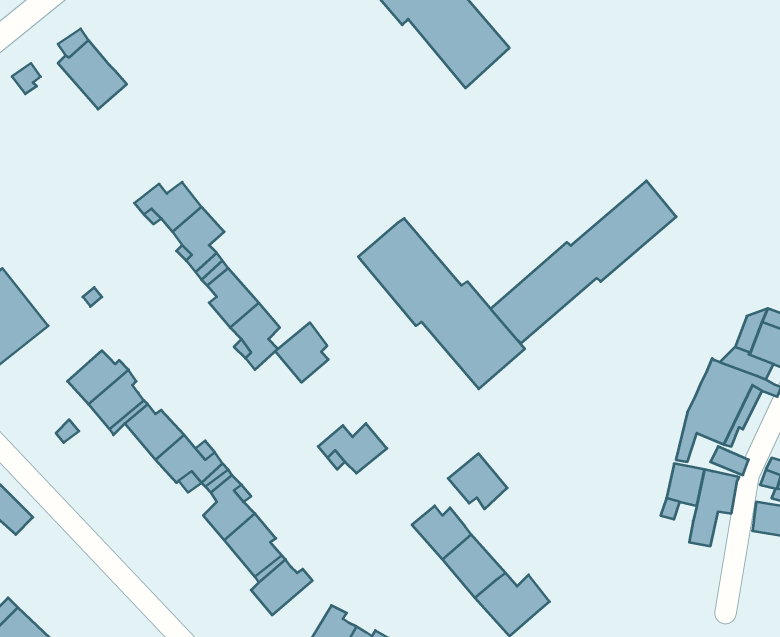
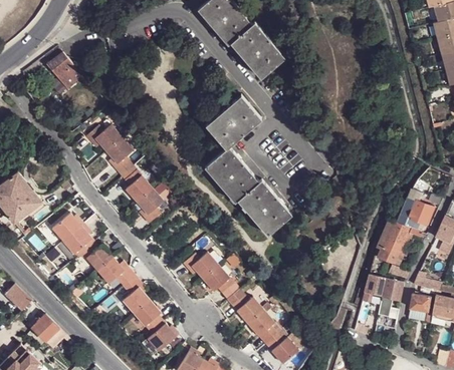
building: none -> [205,93,261,147]
building: [491,181,676,343] -> none
building: [275,323,328,382] -> none
building: [448,454,507,509] -> [203,266,234,295]
building: none -> [30,313,65,348]

